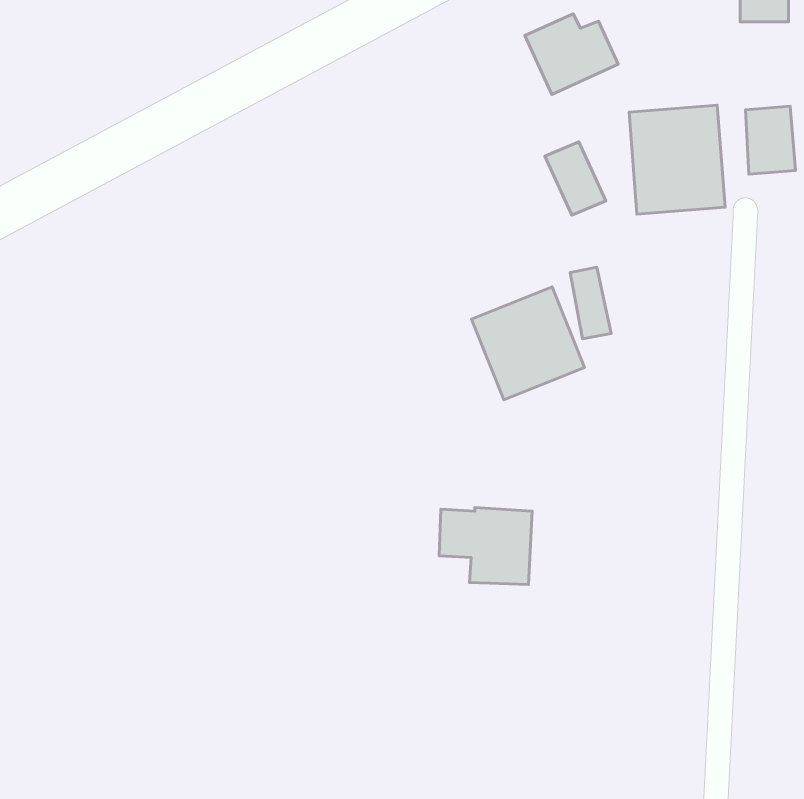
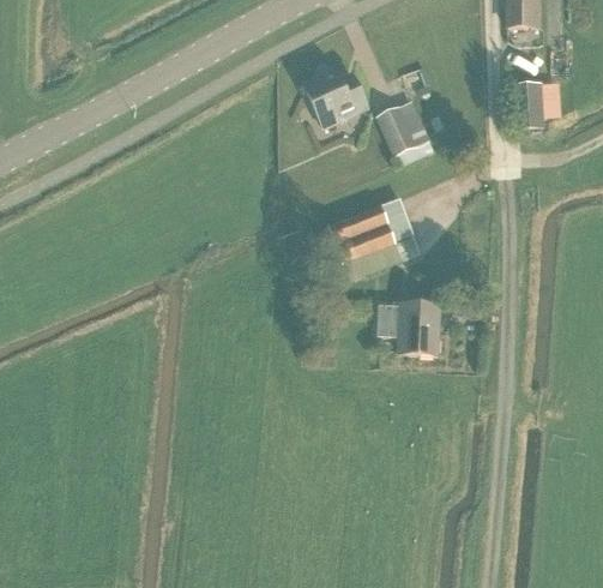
building: [525,14,618,95] -> [306,71,368,125]
building: [629,105,725,214] -> none
building: [439,507,532,584] -> [379,302,441,354]

